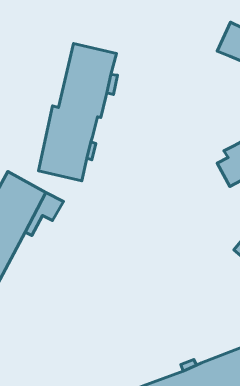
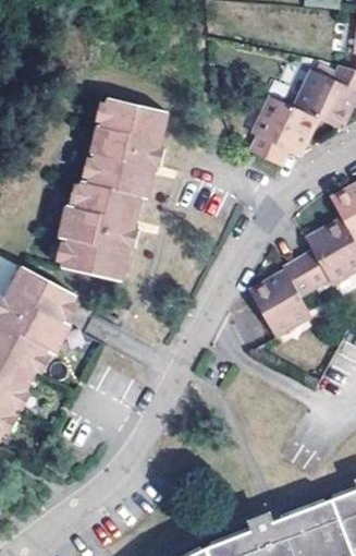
building: none -> [250,99,315,166]
building: none -> [253,257,315,331]

